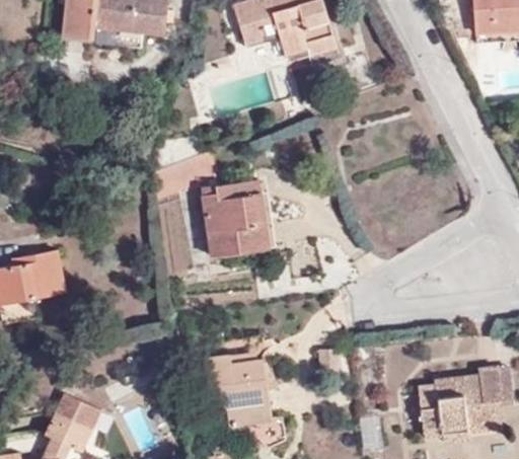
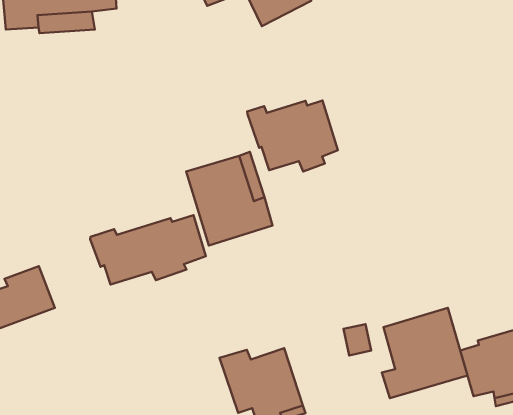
building: none -> [247,101,338,171]
building: none -> [90,215,206,285]
building: none -> [382,308,468,398]

